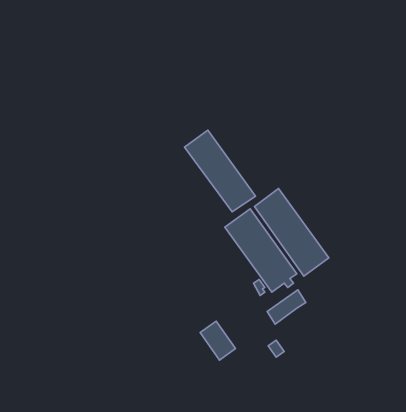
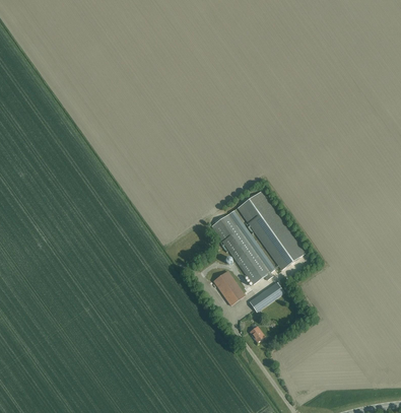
building: [184,130,255,212] -> none
building: [200,321,236,360] -> [213,270,245,304]

